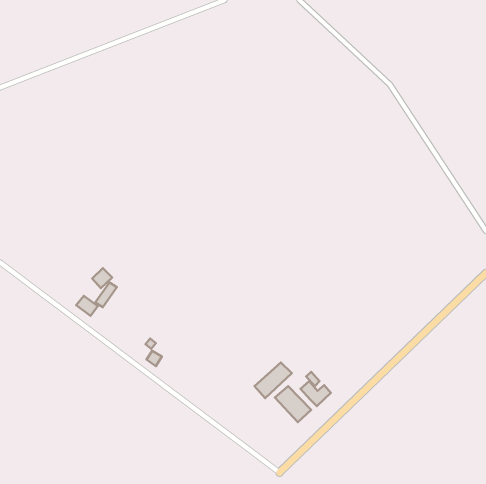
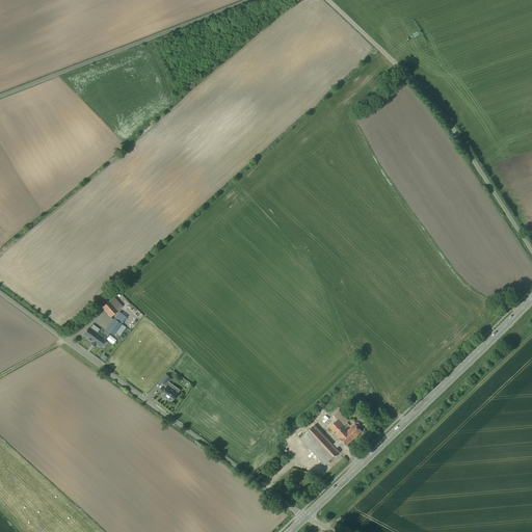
building: [254,362,292,398] -> none

